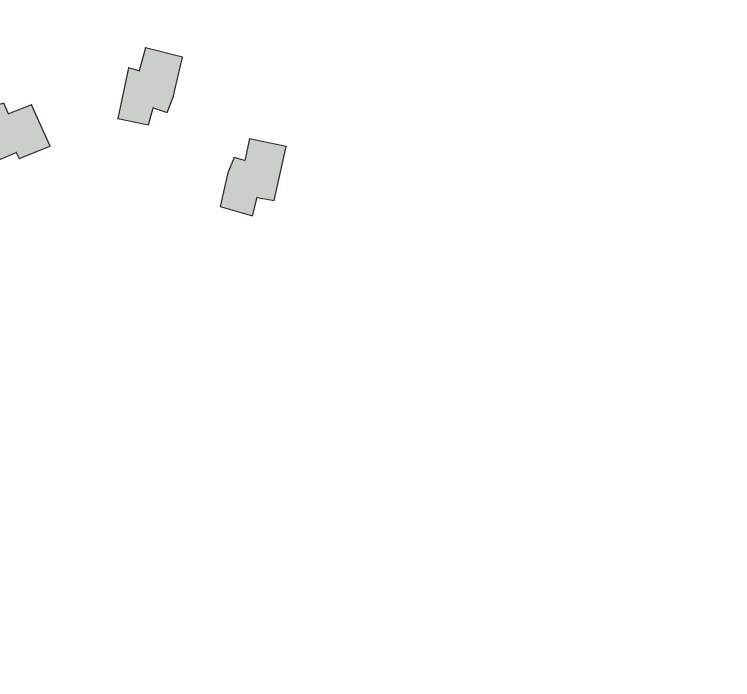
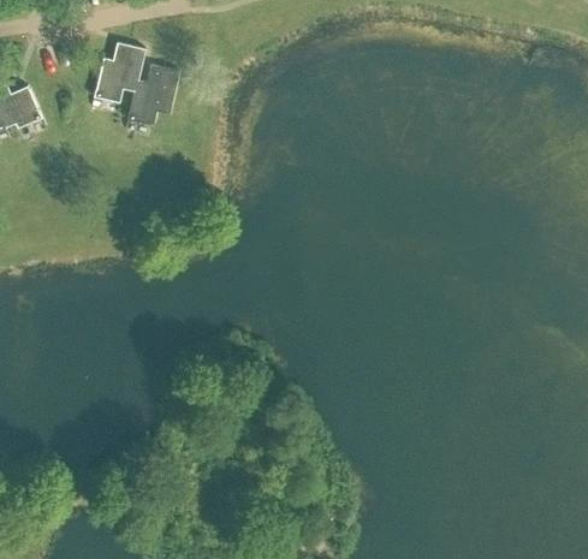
building: [220,139,286,216] -> [125,65,177,125]

